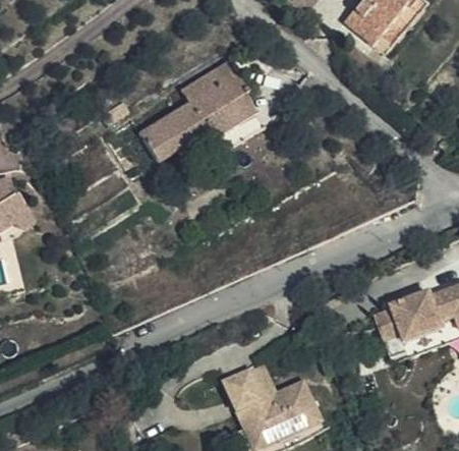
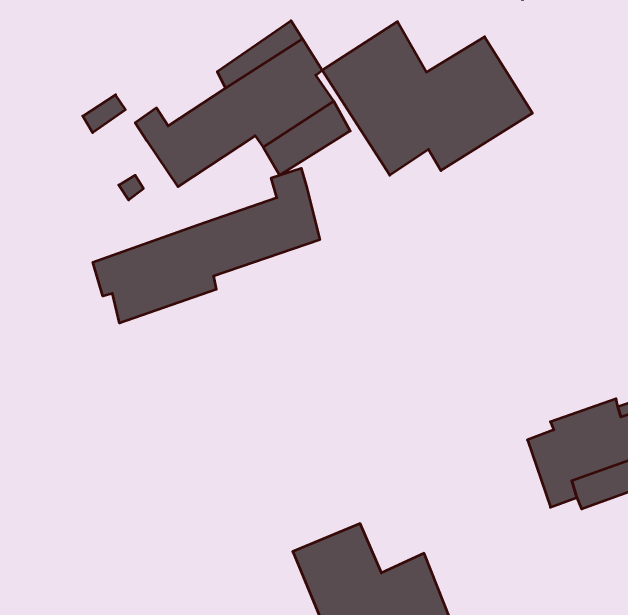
building: none -> [322,22,532,175]
building: none -> [93,168,320,323]

